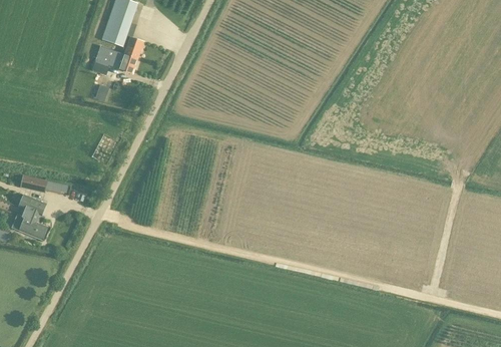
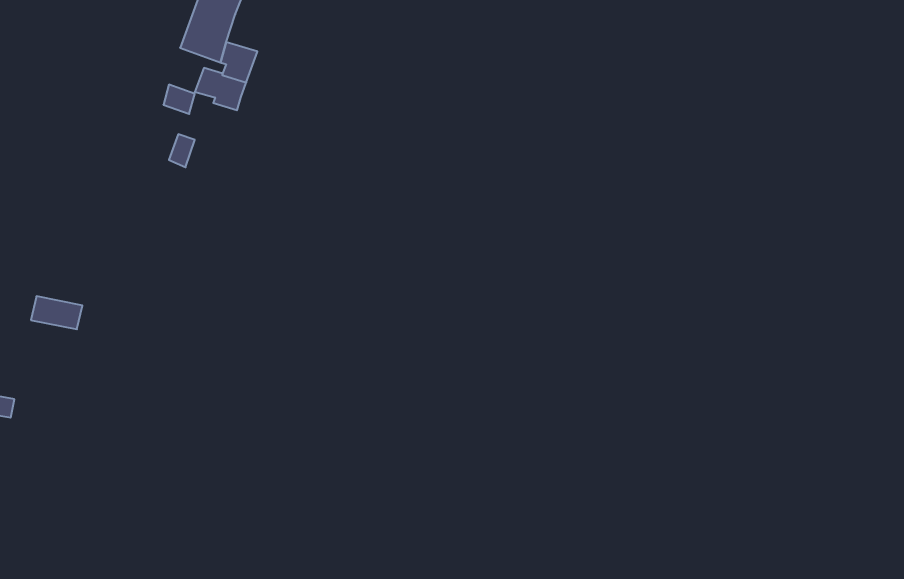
building: [12,195,46,240] -> none

